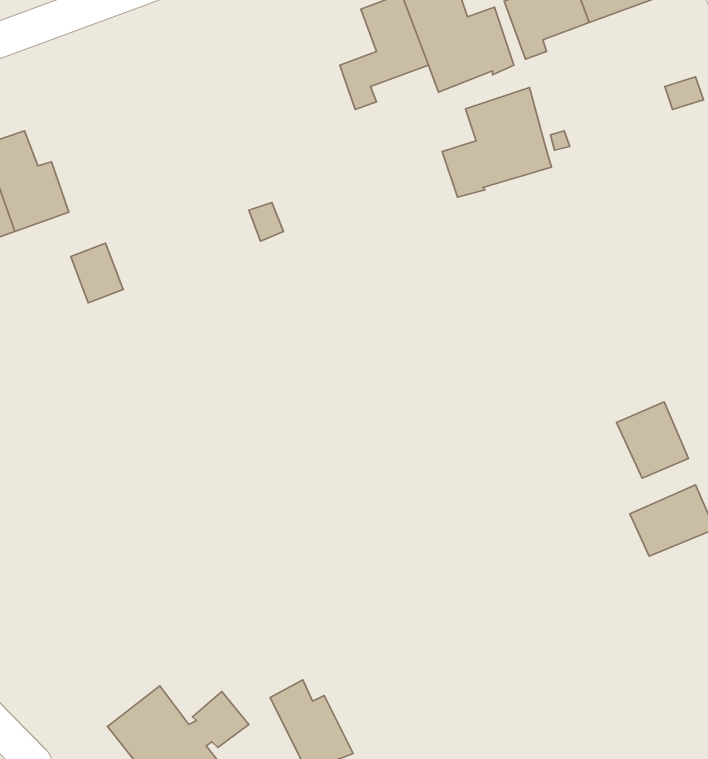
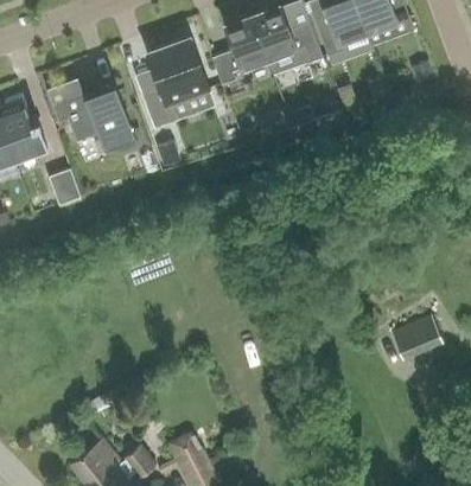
building: none -> [135,36,210,128]
building: [442,87,552,197] -> none
building: none -> [51,81,134,152]
building: [616,402,688,478] -> none

